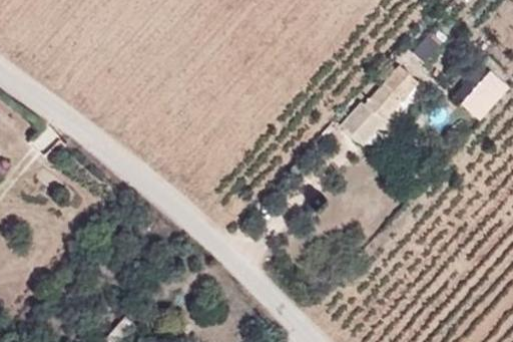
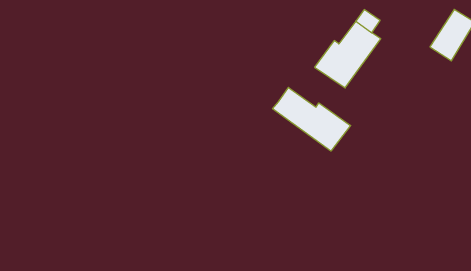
building: none -> [273,87,351,151]

